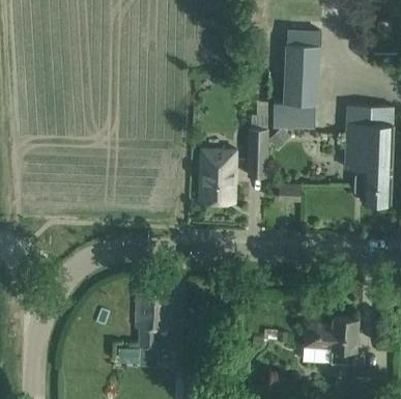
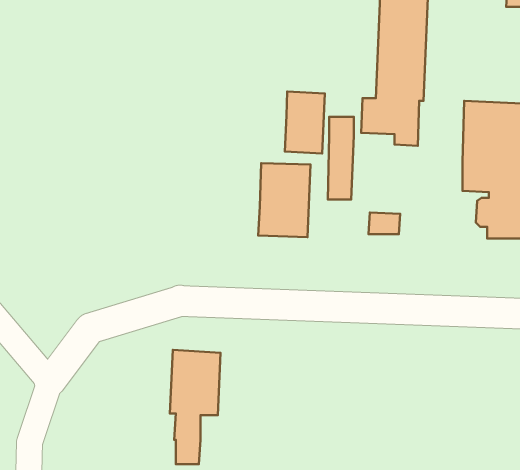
building: none -> [285,91,325,153]
building: [303,319,357,363] -> none

